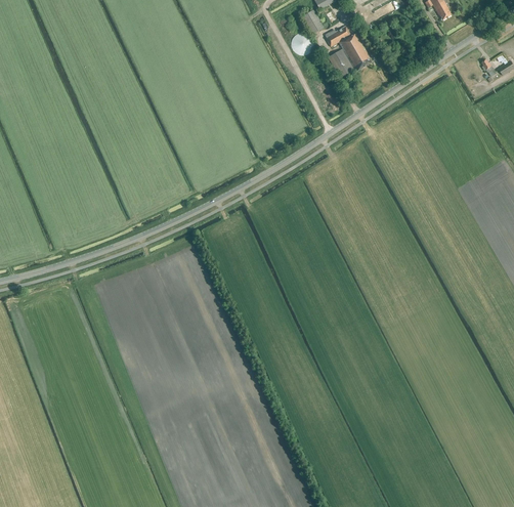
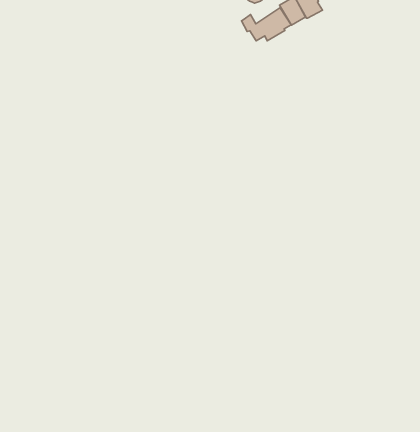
building: none -> [241,8,291,41]

